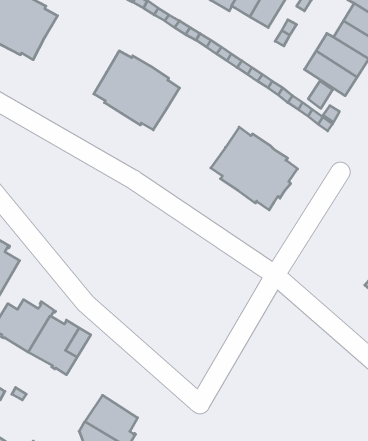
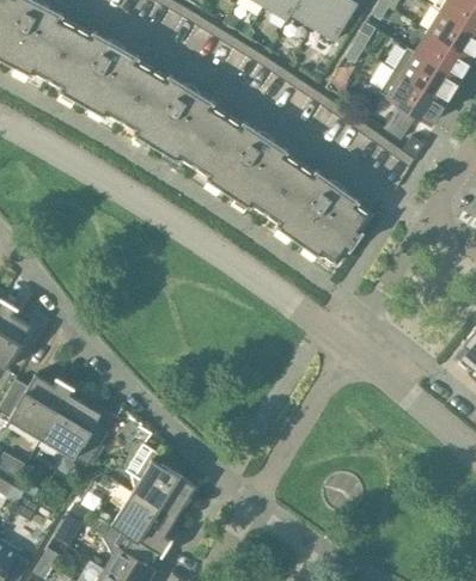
building: none -> [47,26,152,122]
building: none -> [194,115,299,213]
building: none -> [126,444,195,519]

